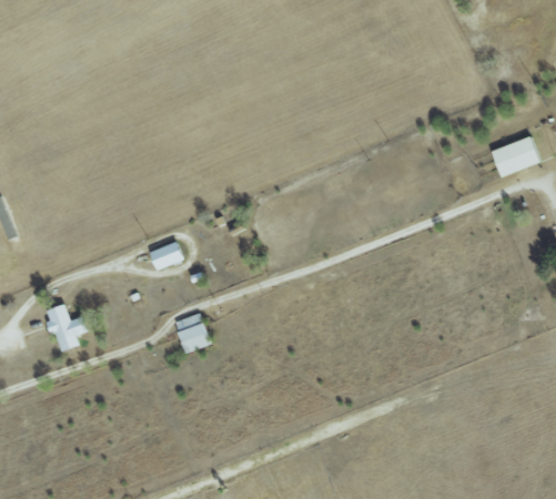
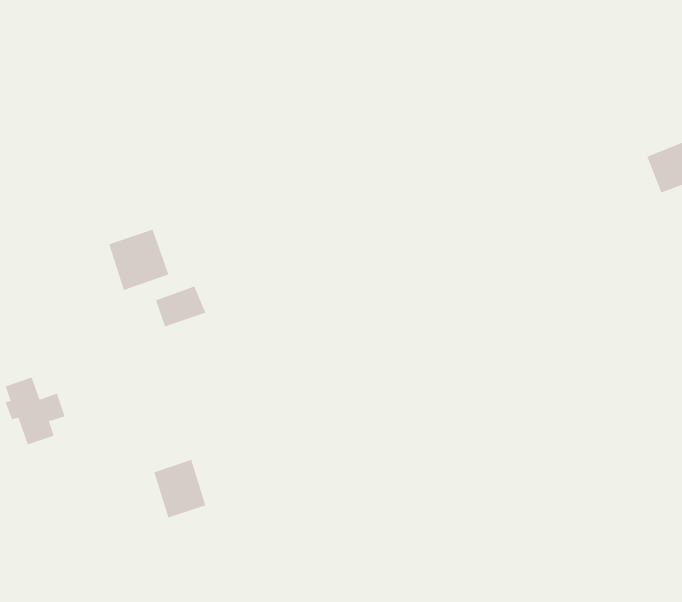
building: none -> [109,229,169,291]
building: [174,312,211,353] -> [153,459,206,518]

